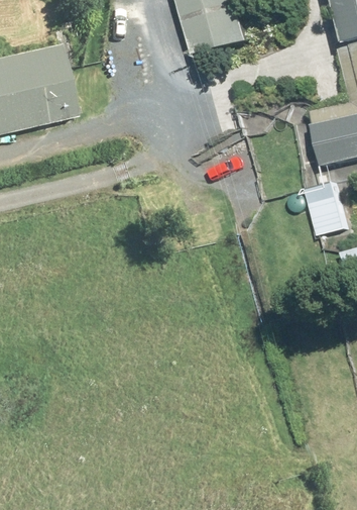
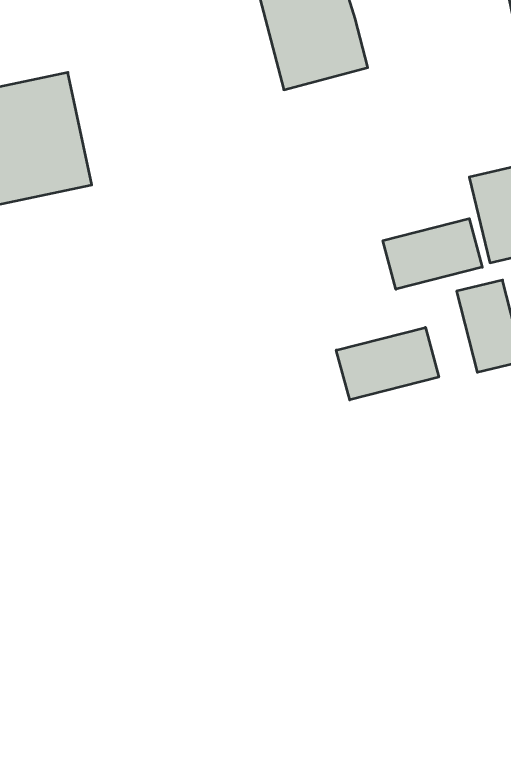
building: none -> [383,219,482,289]
building: none -> [336,327,439,400]

